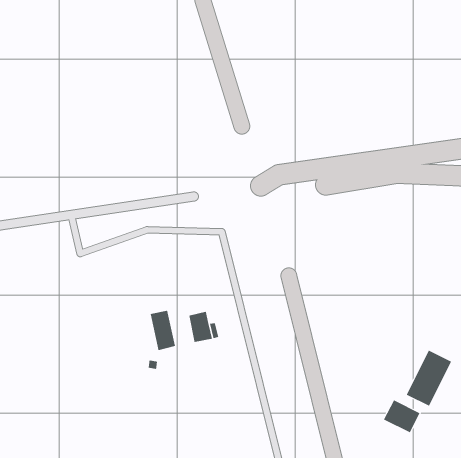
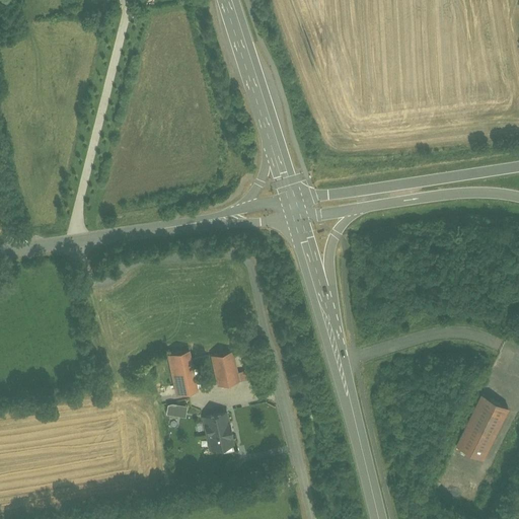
building: none -> [201,410,234,458]
building: [383,399,420,433] -> none

